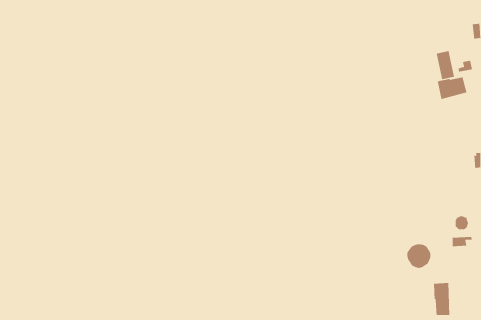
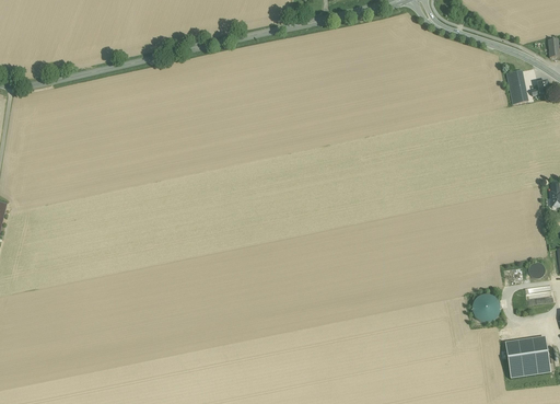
building: [437,76,467,100] -> none
building: none -> [522,335,547,374]

